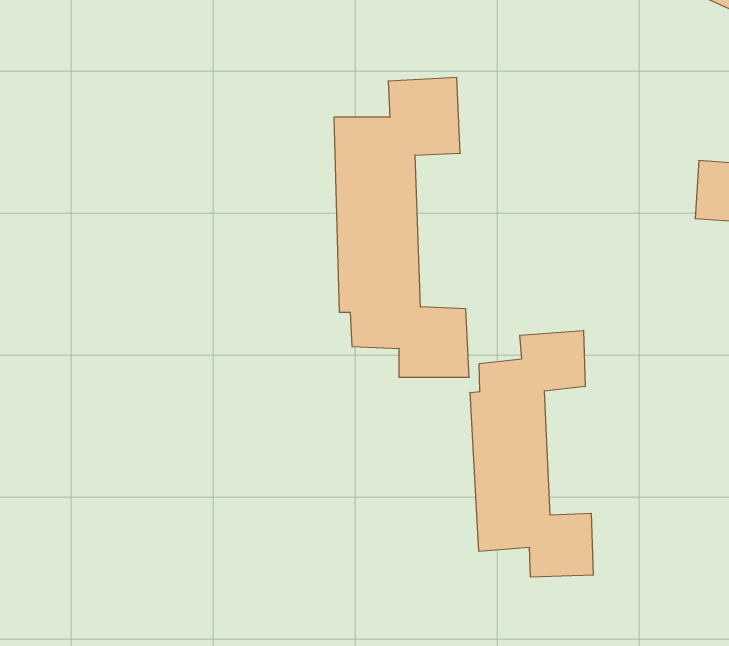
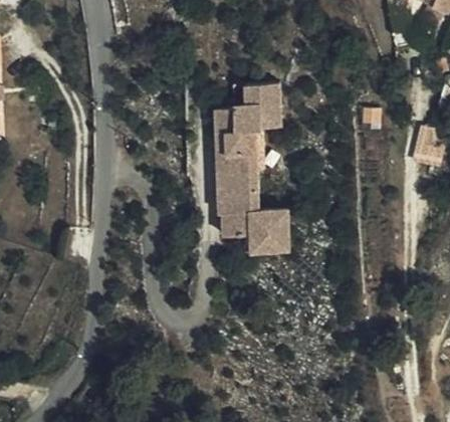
building: [470,330,593,577] -> none

